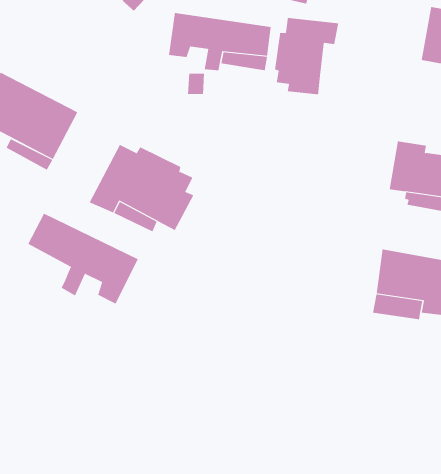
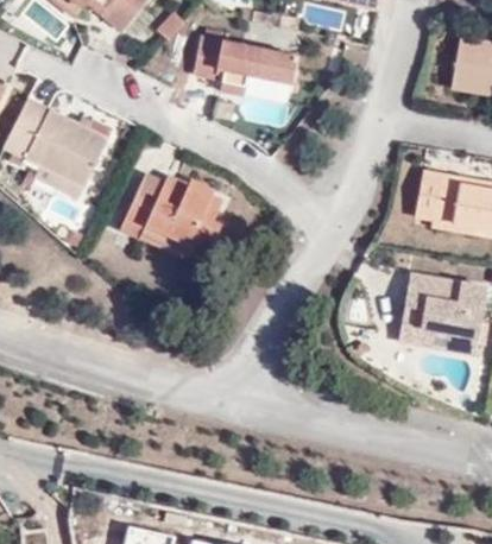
building: [274,17,339,95] -> none
building: [28,213,138,304] -> none

